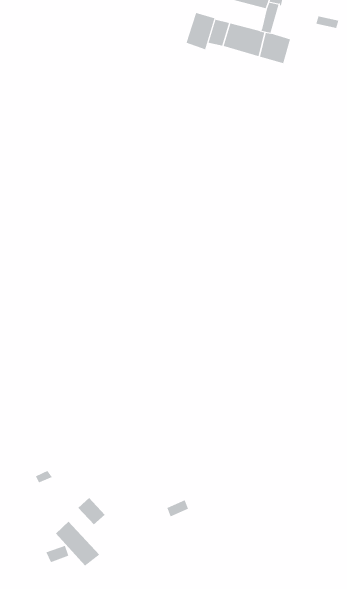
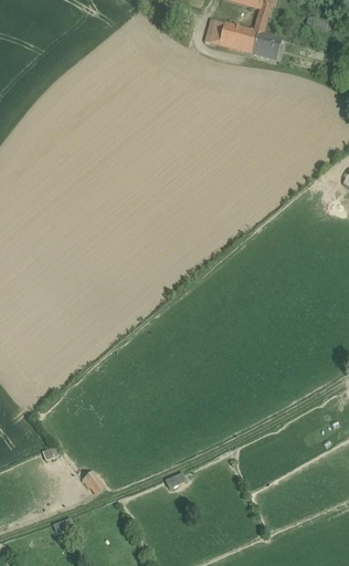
building: [186,12,215,50] -> none
building: [55,521,100,567] -> none

